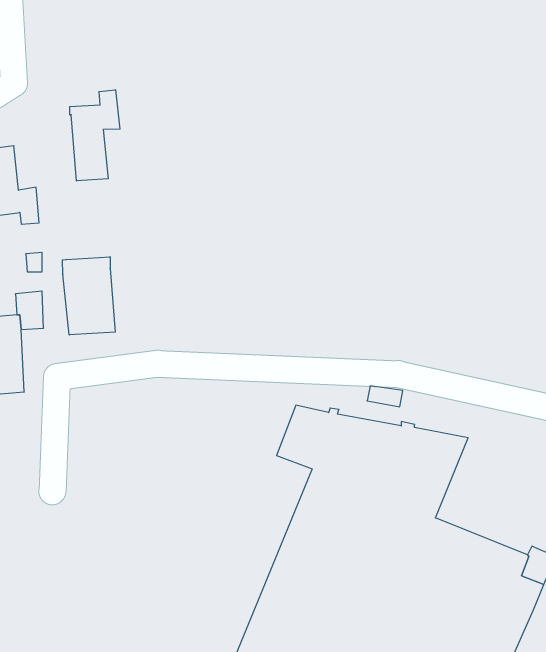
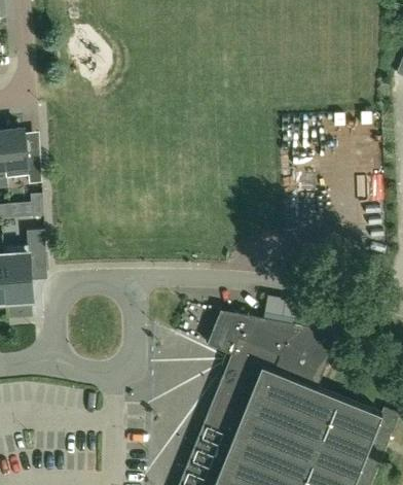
building: [70,90,120,181] -> none
building: [62,257,115,335] -> none

